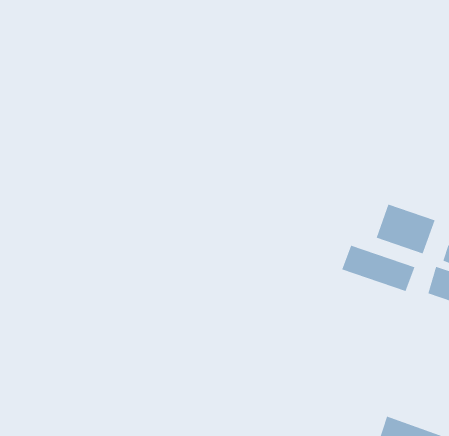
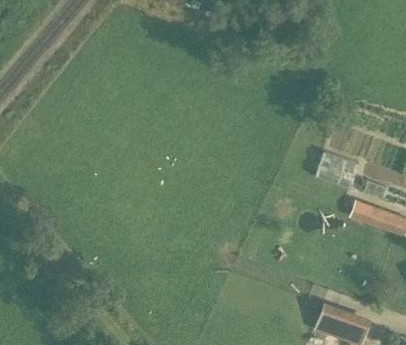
building: [342,245,415,292] -> none

